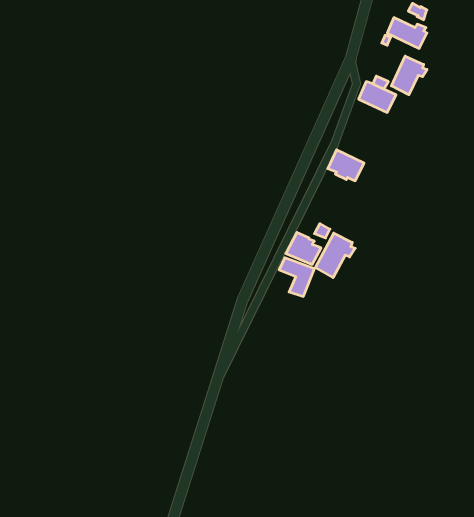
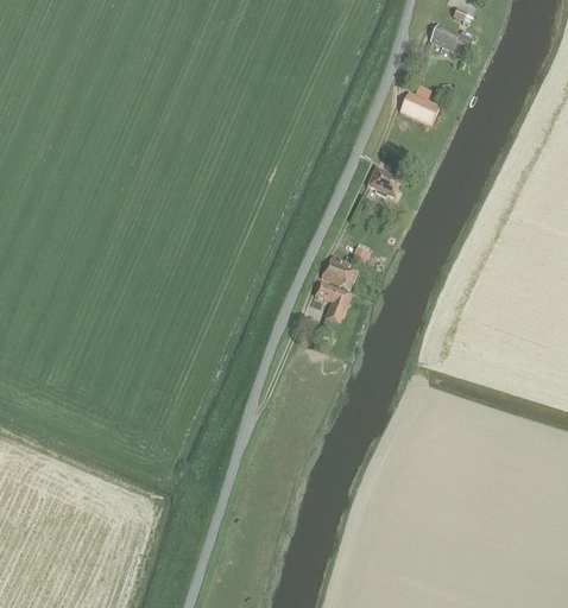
building: [391,56,427,95] -> none
building: [316,233,355,278] -> none

